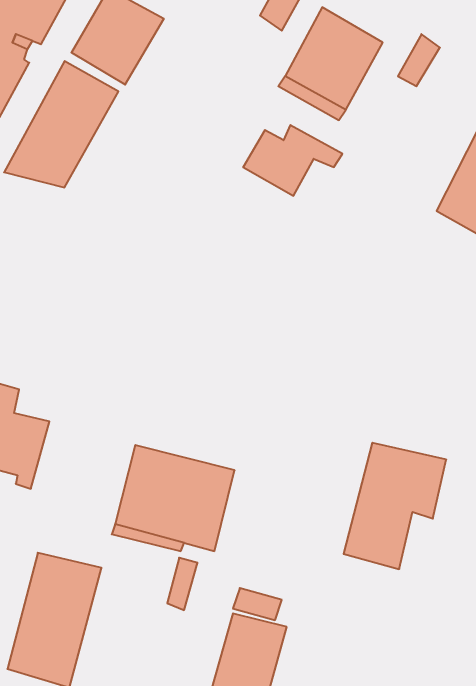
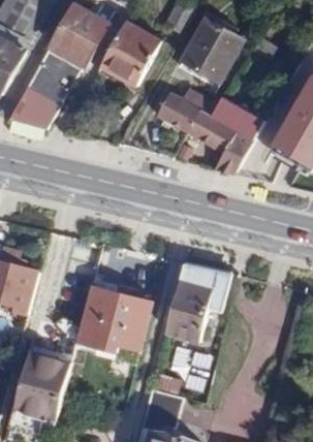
building: none -> [100,23,160,85]
building: none -> [187,97,263,172]
building: [344,443,446,569] -> [165,264,228,342]

